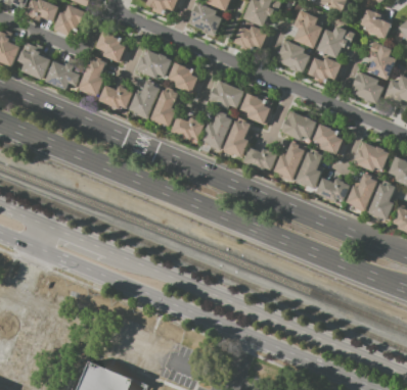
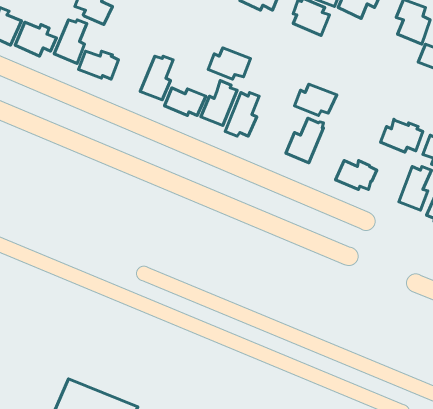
building: [135,49,171,77] -> none
building: [307,56,342,82] -> none
building: [169,61,198,92] -> none
building: [353,71,383,103] -> none
building: [129,79,159,116] -> none
building: [240,93,271,124] -> none
building: [313,124,344,154] -> none
building: [243,146,277,173] -> none
building: [296,151,323,187] -> none
building: [346,170,378,209] -> none

